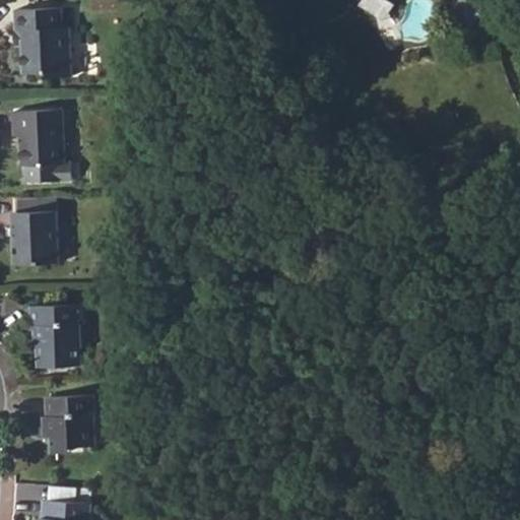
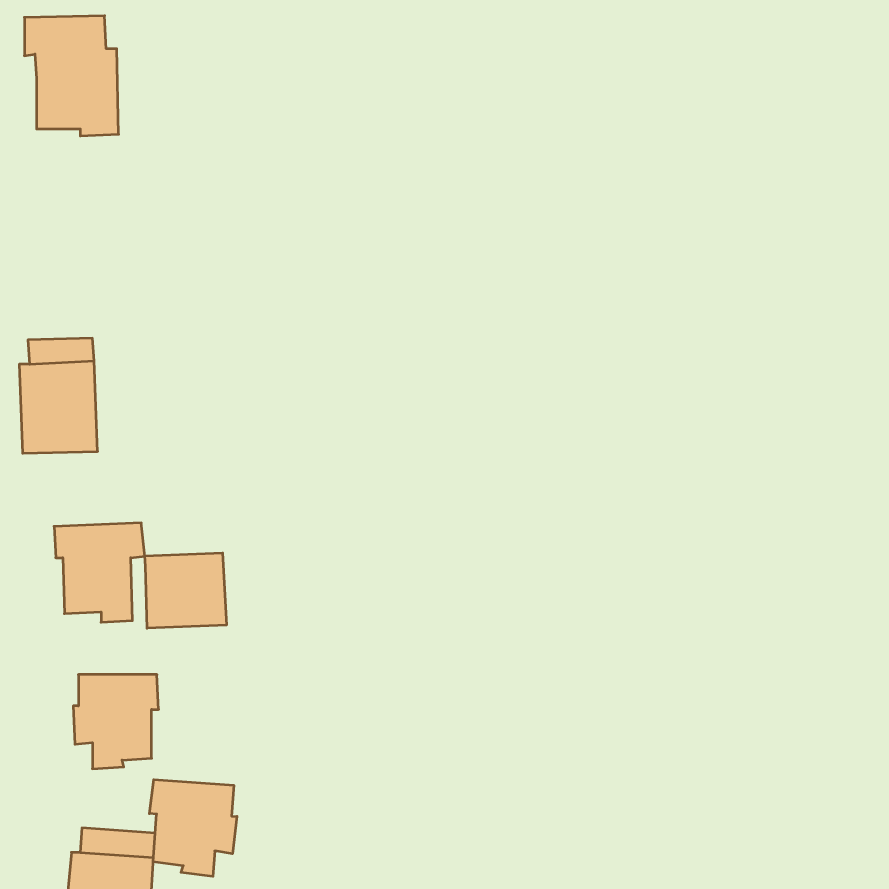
building: [12,112,70,184] -> none
building: none -> [145,553,226,628]
building: none -> [149,780,237,876]

